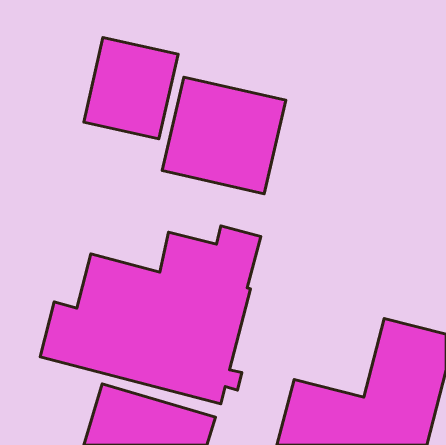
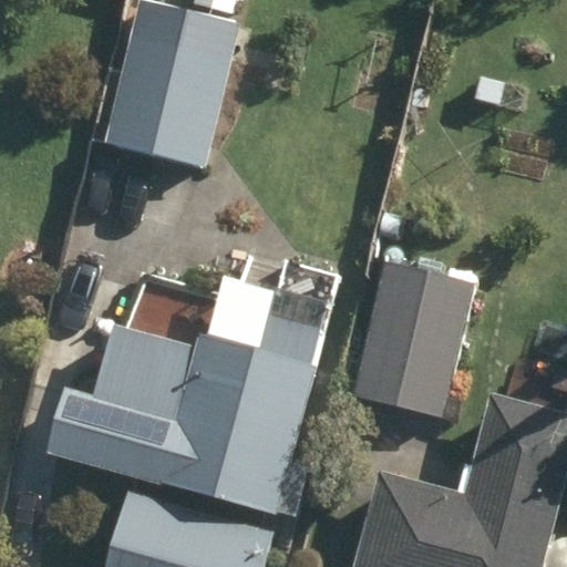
building: [162,77,286,194] -> none
building: none -> [349,271,470,425]

